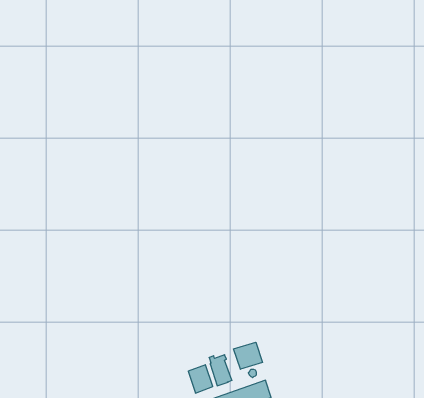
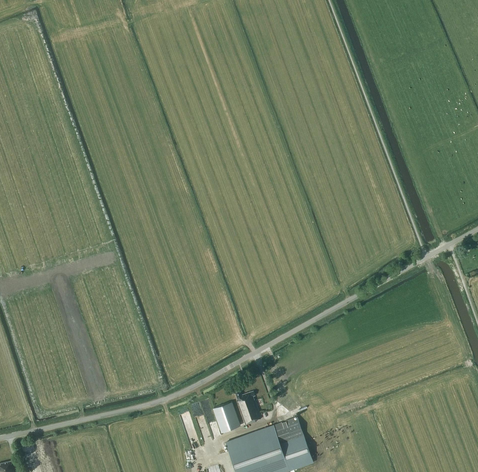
building: [234,342,262,369] -> none

